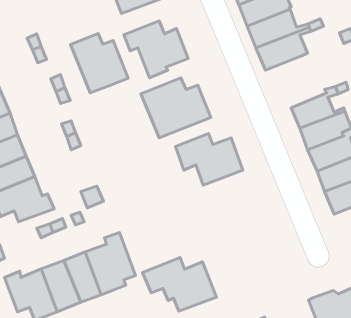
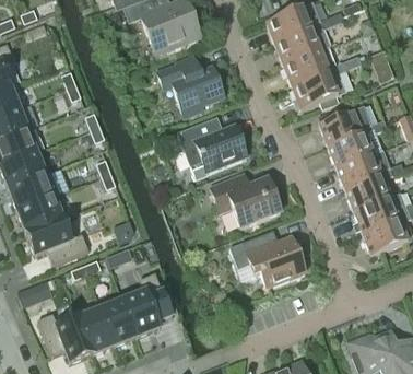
building: [71,33,128,93] -> none
building: none -> [321,109,366,147]
building: [142,257,217,311] -> [231,231,306,285]

